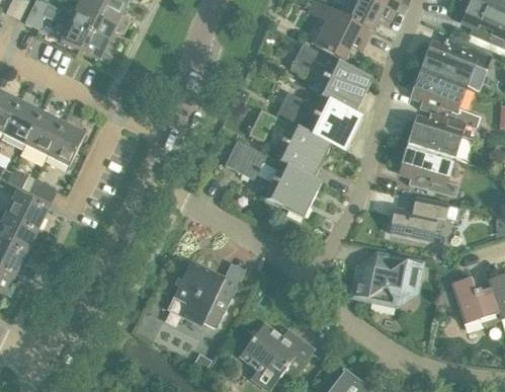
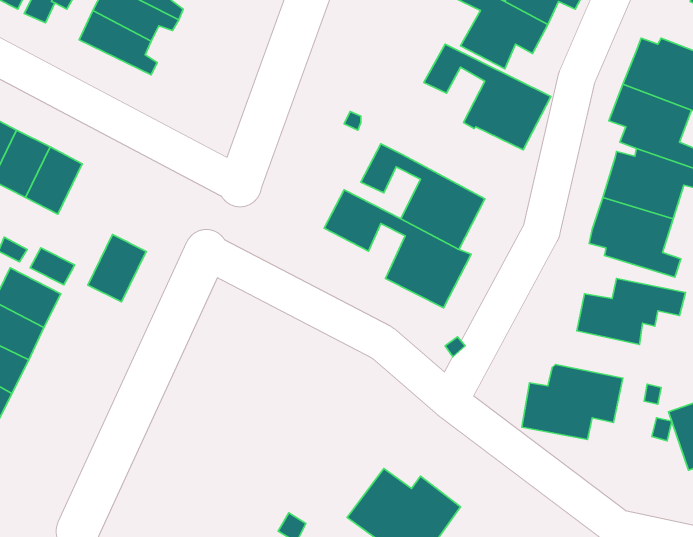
building: [274,91,361,152] -> none
building: [47,122,85,166] -> [88,235,146,302]
building: [172,261,237,328] -> none

